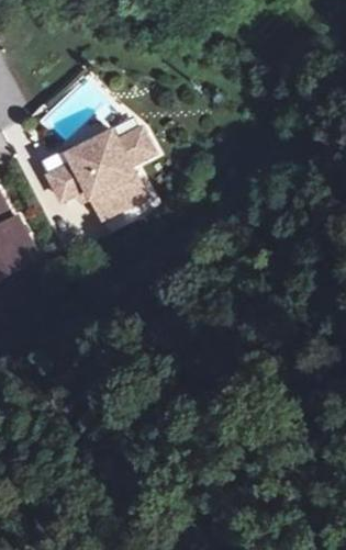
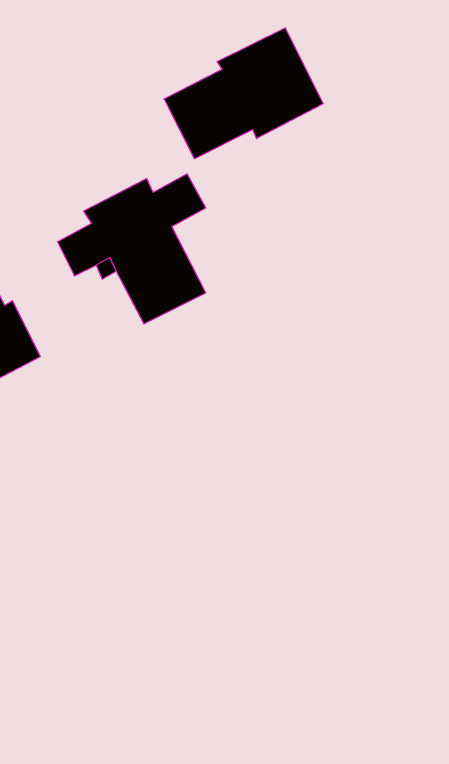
building: none -> [164,28,323,159]

